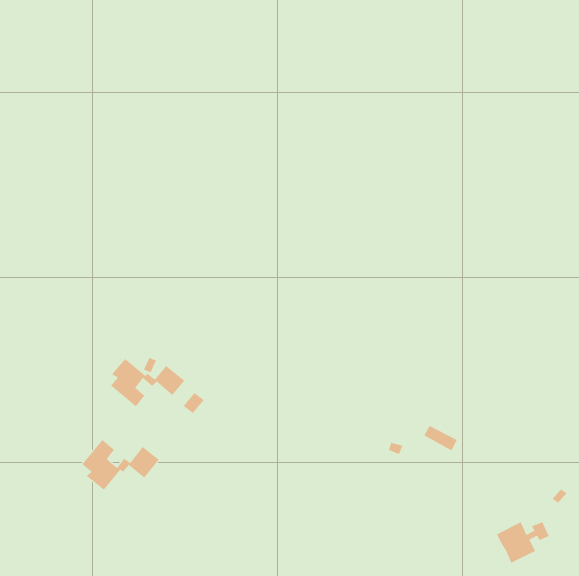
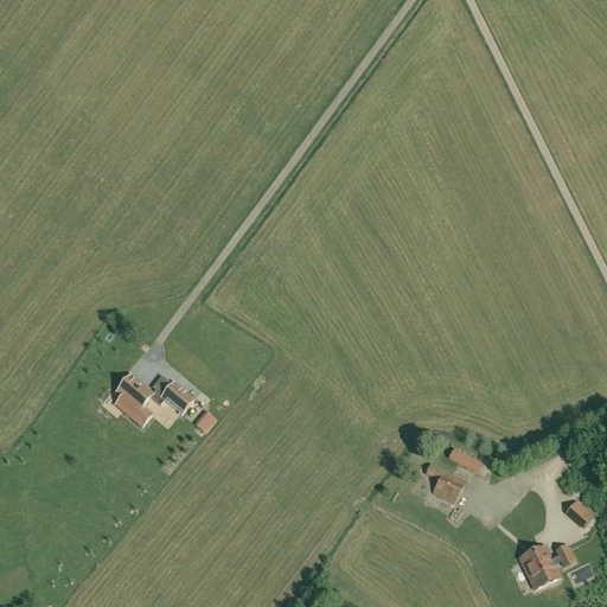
building: [81,439,160,491] -> none
building: none -> [426,464,464,503]

